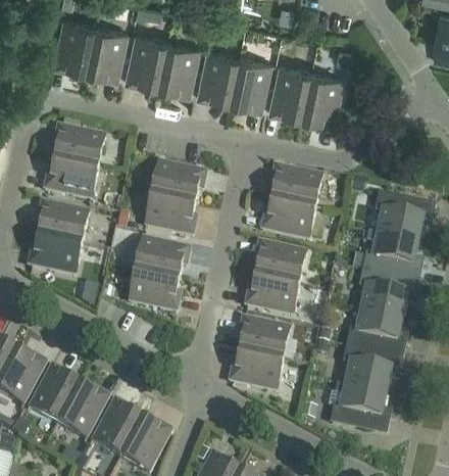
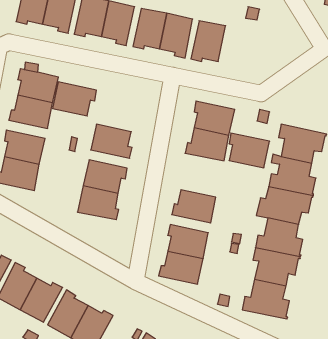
building: [301,70,342,126] -> none
building: [151,159,205,201] -> [52,82,96,116]
building: [255,239,305,282] -> [229,133,270,168]

